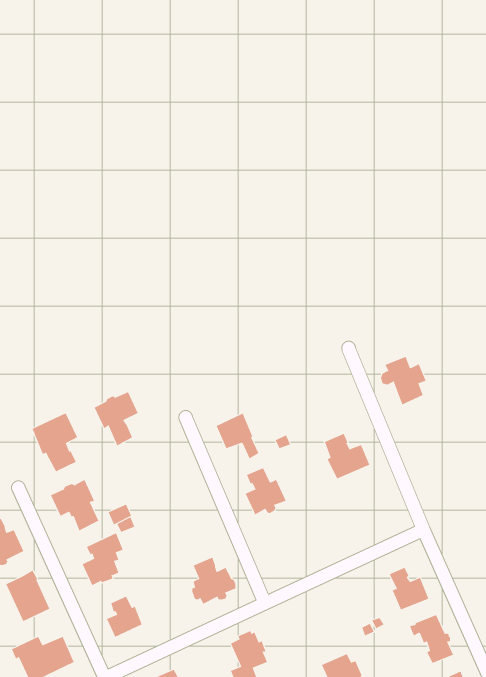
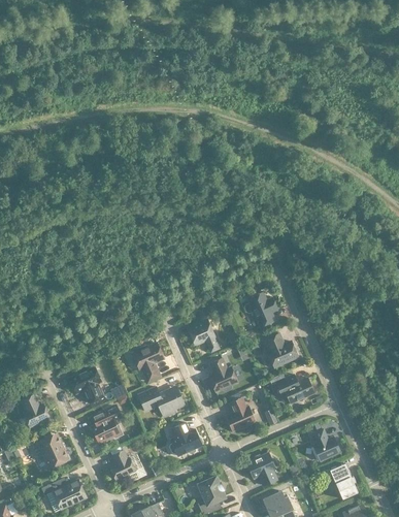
building: [380,356,426,405] -> [244,292,277,327]
building: [94,392,139,446] -> [132,343,164,382]
building: [32,412,78,472] -> none
building: none -> [276,373,314,403]
building: none -> [138,385,185,417]
building: none -> [226,397,256,431]
building: none -> [246,453,276,485]

